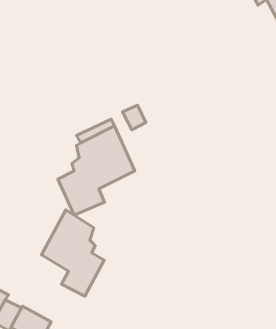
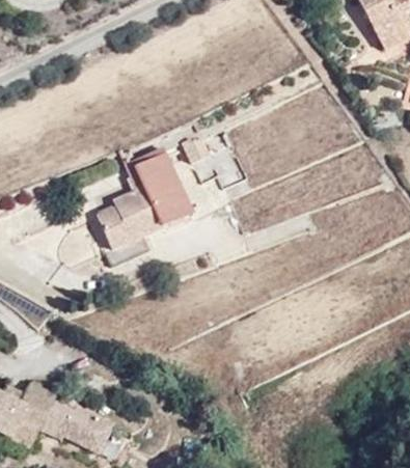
building: [41,210,104,296] -> none

